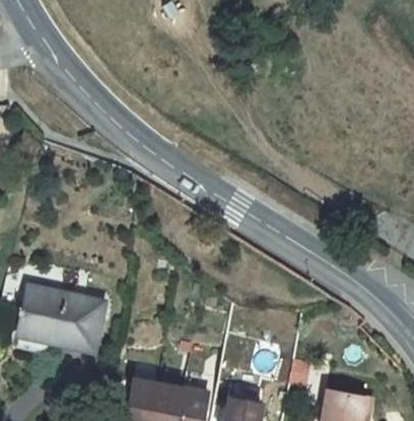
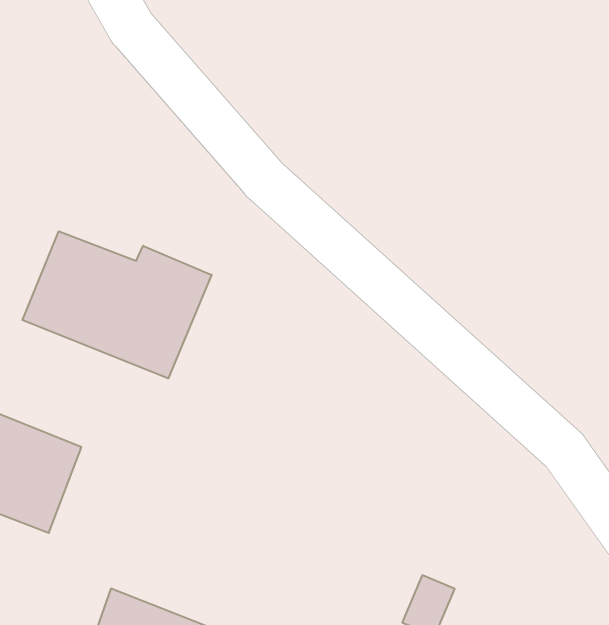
building: none -> [22,231,212,379]

